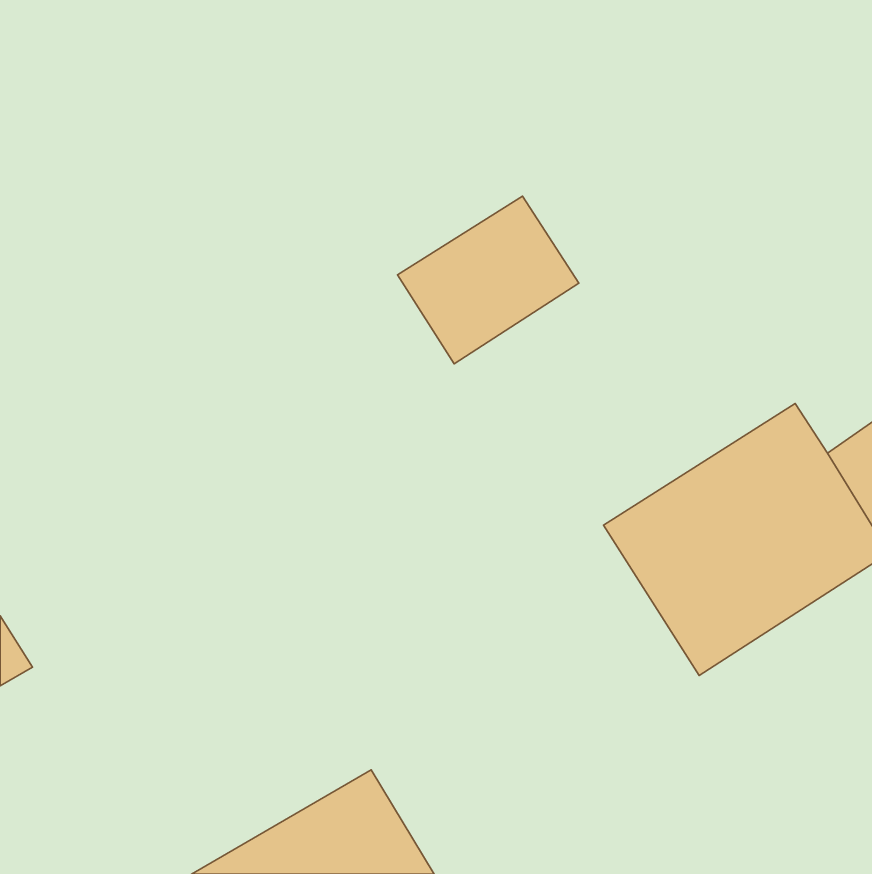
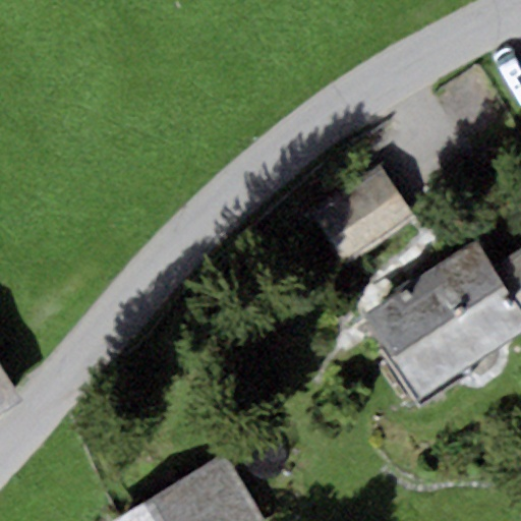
building: [398,196,579,364] -> [310,169,418,269]

